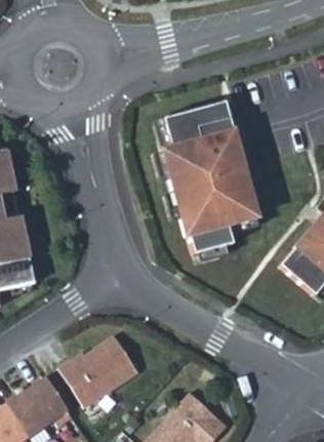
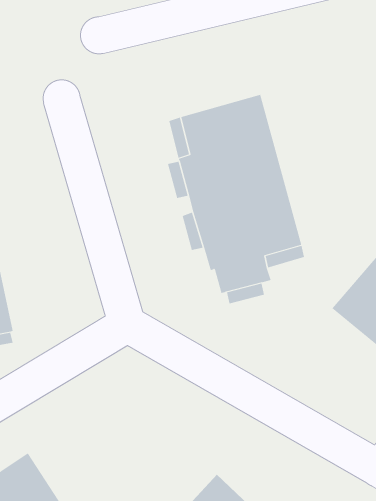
building: [58,334,138,407] -> none

